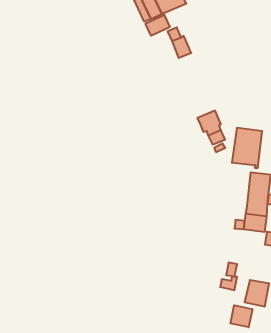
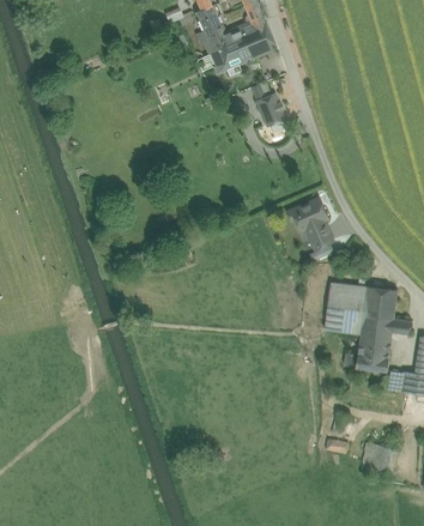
building: [146,15,170,36] -> none
building: [232,128,262,168] -> [325,282,368,338]
building: [230,305,252,327] -> none

